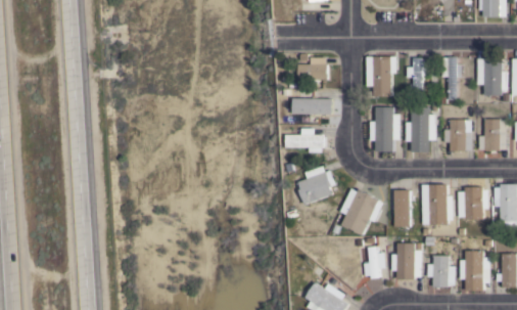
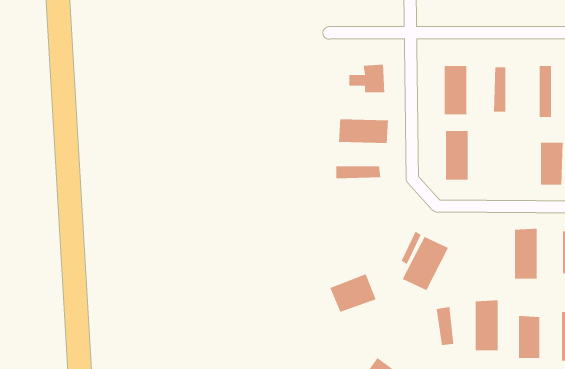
building: [410,110,428,149] -> none
building: [296,173,333,204] -> [330,273,376,312]
building: [393,190,412,234] -> none

